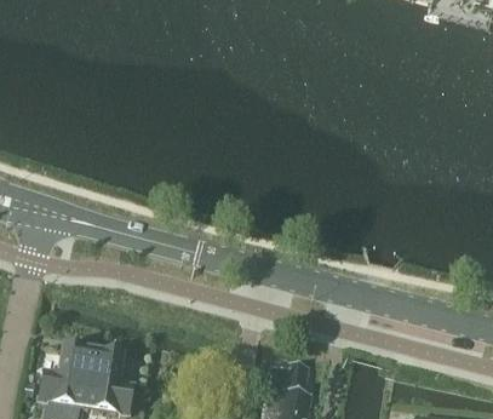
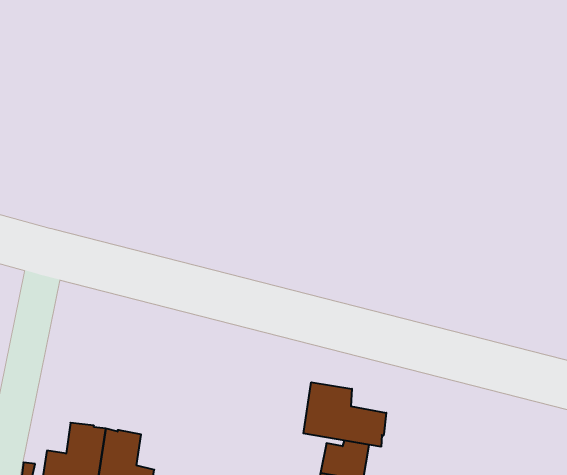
building: none -> [303,382,386,447]

